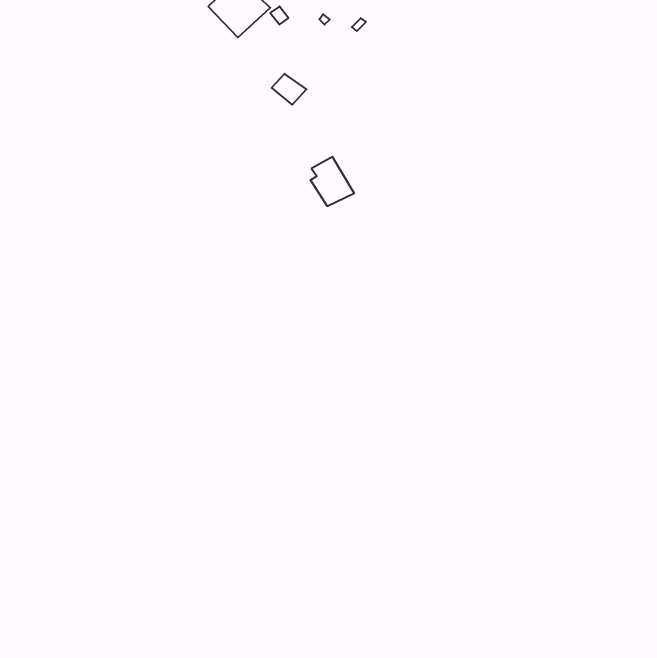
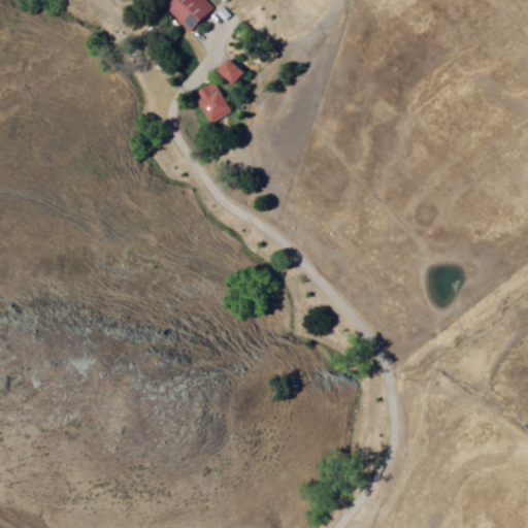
building: [310,157,354,206] -> [196,81,231,121]

